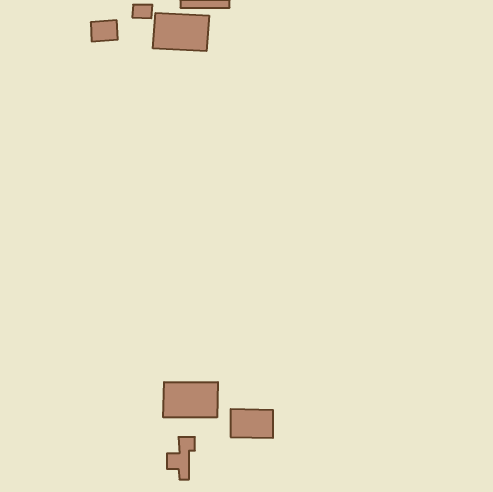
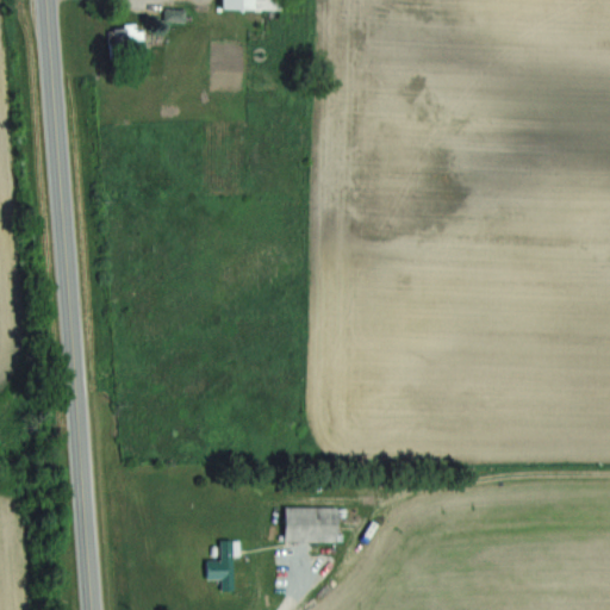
building: [153,13,209,51] -> none
building: [163,382,218,417] -> none

